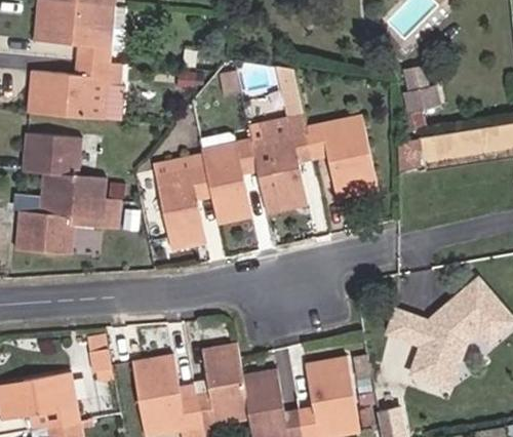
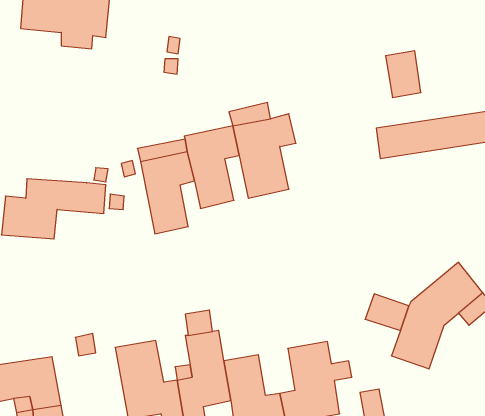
building: [29,58,121,119] -> none
building: [307,116,377,196] -> none
building: [24,133,105,197] -> none

